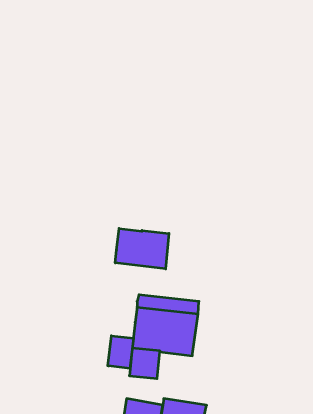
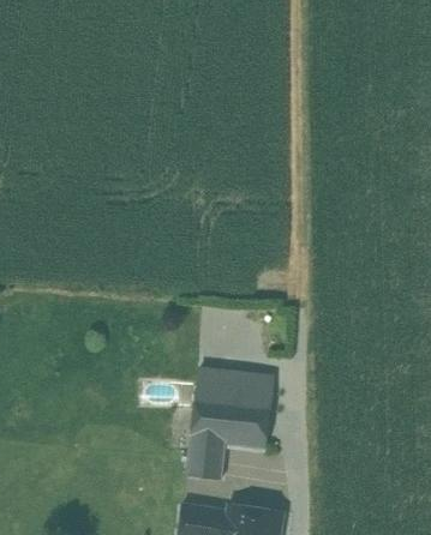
building: [115,228,169,269] -> none
building: [108,336,133,368] -> none

